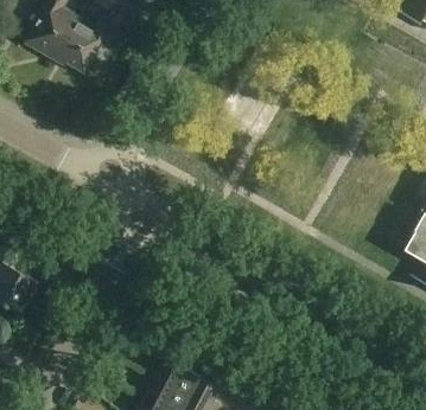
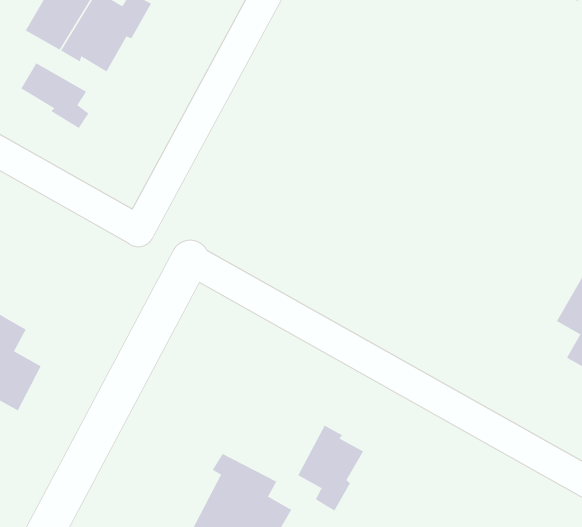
building: none -> [20,63,89,129]
building: none -> [297,425,364,511]

